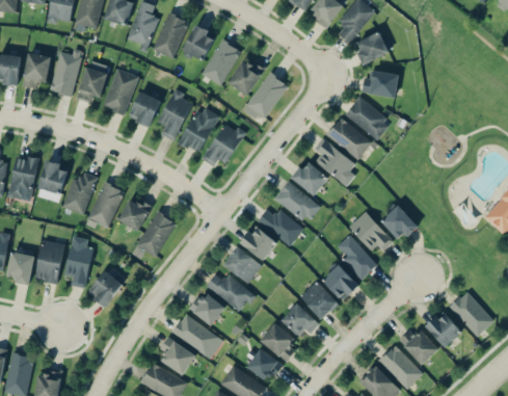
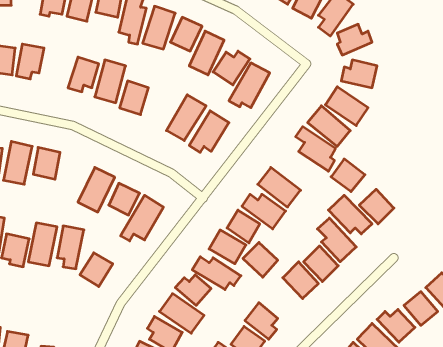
building: [49,49,82,97] -> none
building: [159,88,191,141] -> none
building: [293,161,328,195] -> [331,159,365,192]
building: [61,171,98,215] -> none
building: [280,303,317,340] -> [243,242,278,277]

